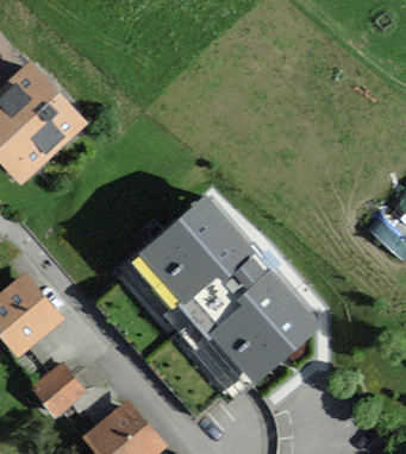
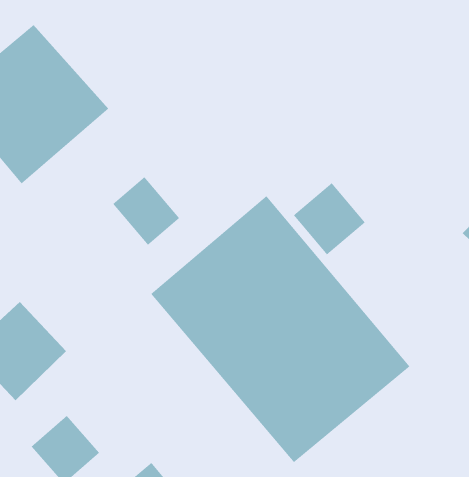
building: none -> [112,176,180,246]
building: none -> [293,182,366,255]

